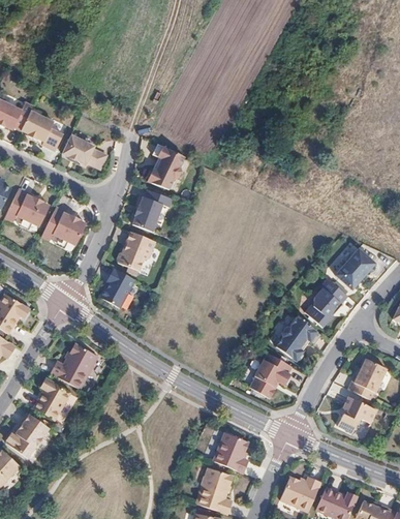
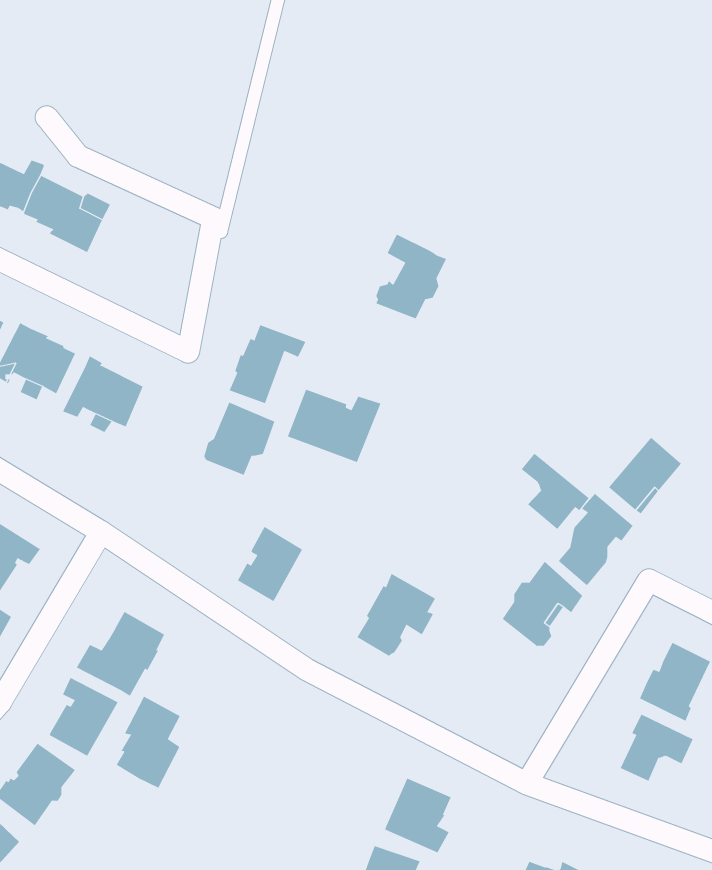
building: [61,134,106,167] -> none
building: [146,143,184,188] -> [375,234,447,319]
building: none -> [287,389,381,463]
building: none -> [521,453,589,530]
building: [99,267,134,307] -> [237,526,303,602]
building: [248,353,290,397] -> [356,573,436,656]
building: none -> [116,696,180,788]

